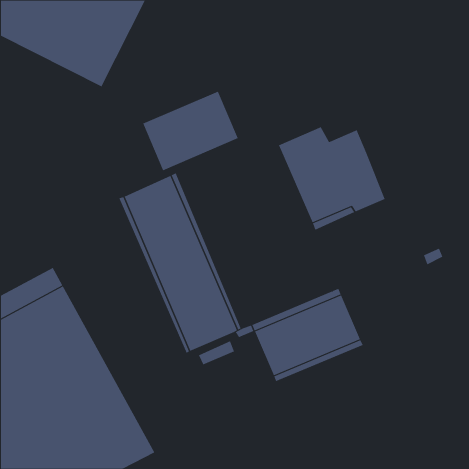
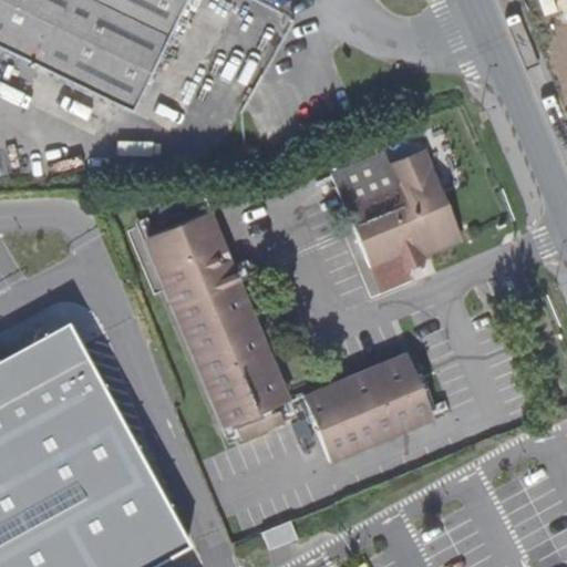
building: [142,91,238,171] -> none

